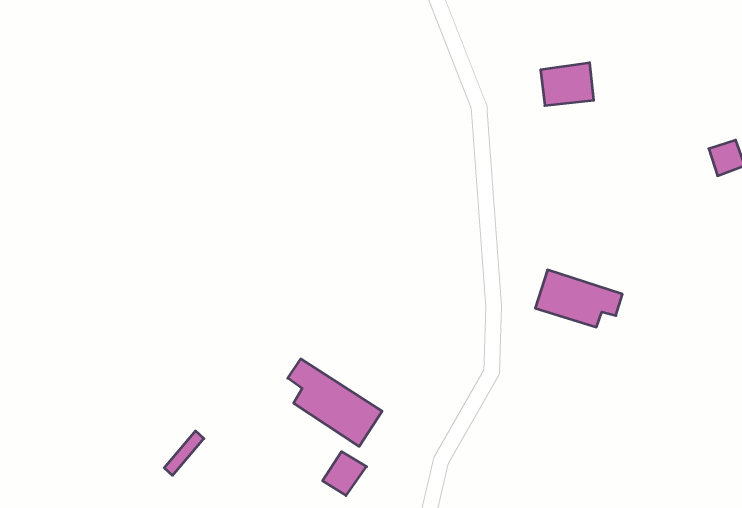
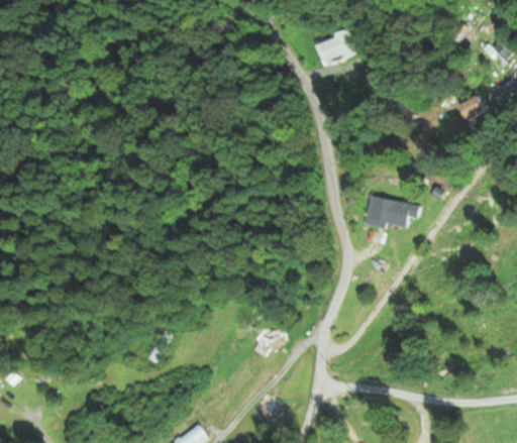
building: [541,63,594,106] -> [316,33,352,65]
building: [288,359,382,446] -> none

